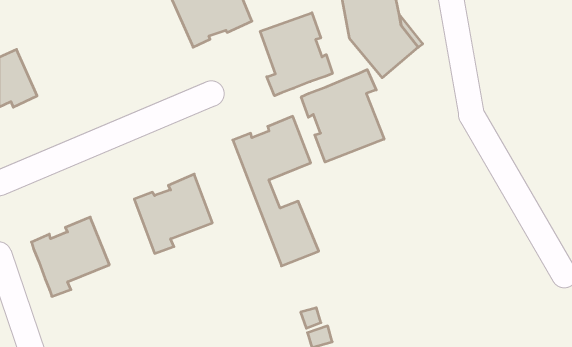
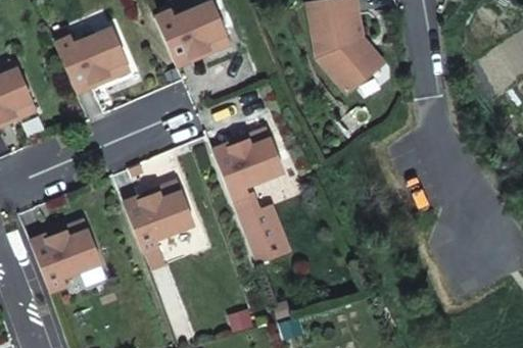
building: none -> [55,29,130,93]
building: [260,13,332,96] -> none
building: [301,70,384,162] -> none

